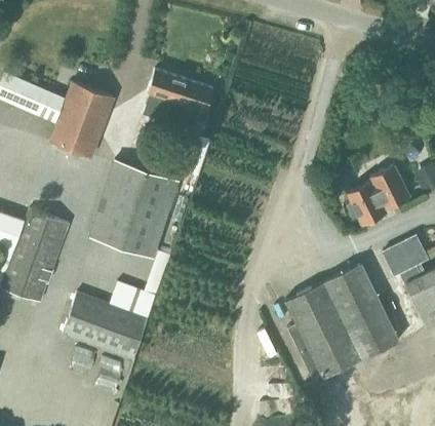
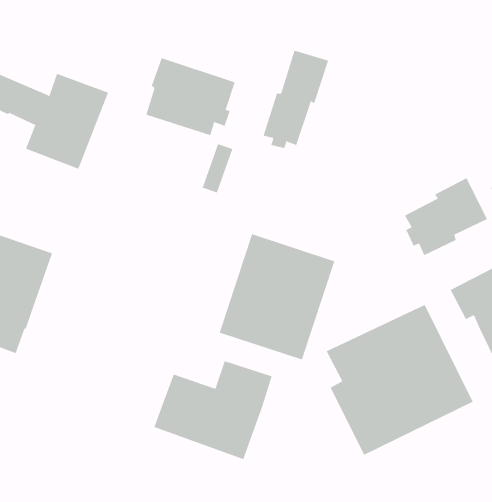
building: none -> [263,50,329,149]
building: [88,159,180,259] -> [219,234,335,360]
building: [62,282,155,360] -> [154,361,272,460]

